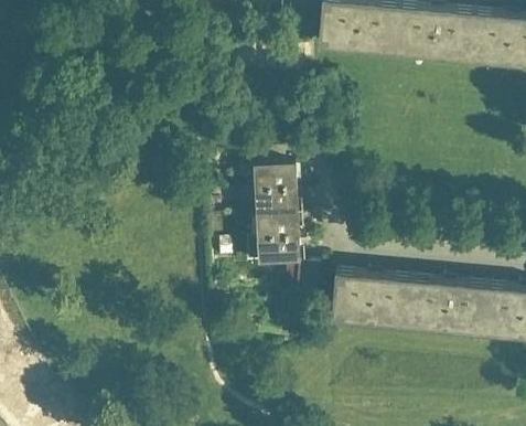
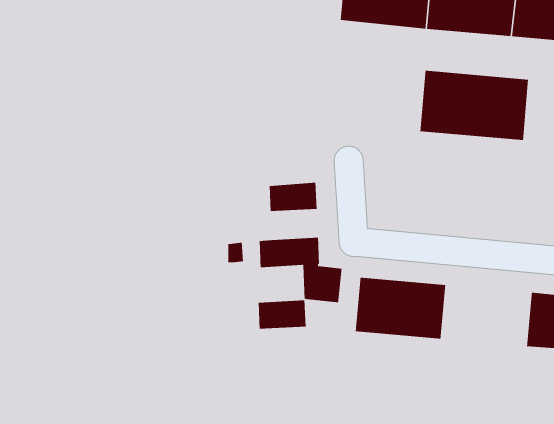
building: none -> [420,70,529,141]
building: [254,166,297,193] -> none
building: [256,214,299,241] -> [258,300,306,330]
building: [407,280,486,336] -> none

